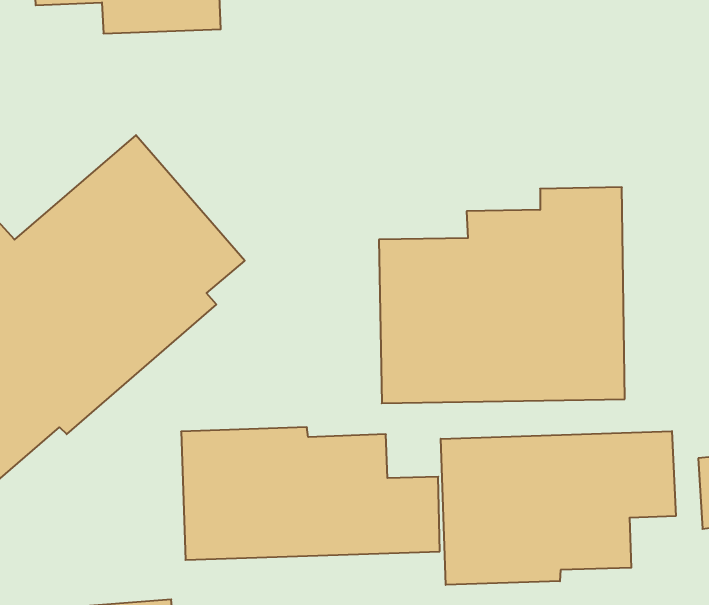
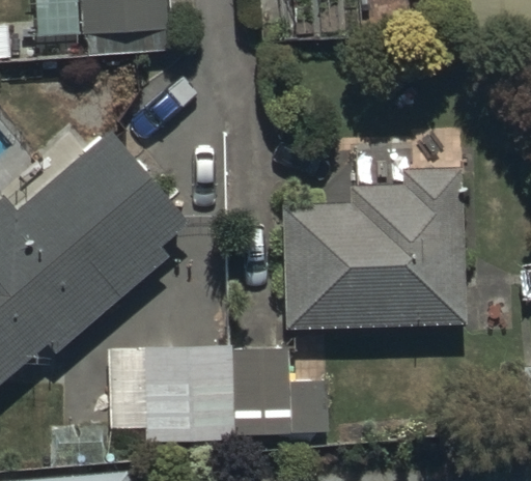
building: [441,431,676,585] -> none

